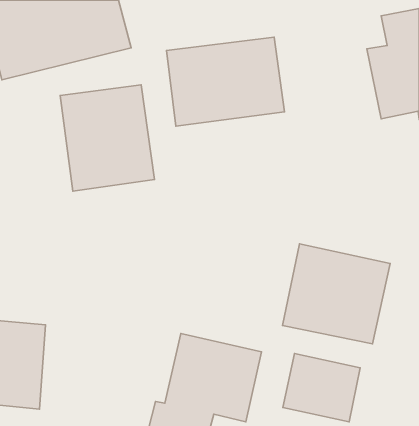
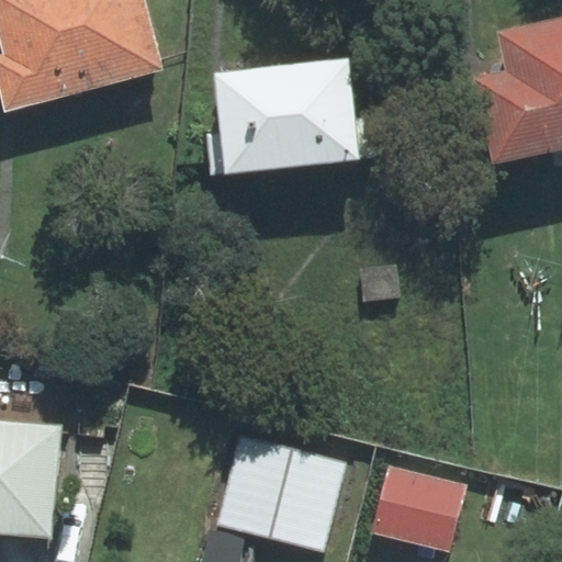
building: [60,85,155,191] -> none
building: [283,244,390,344] -> none

